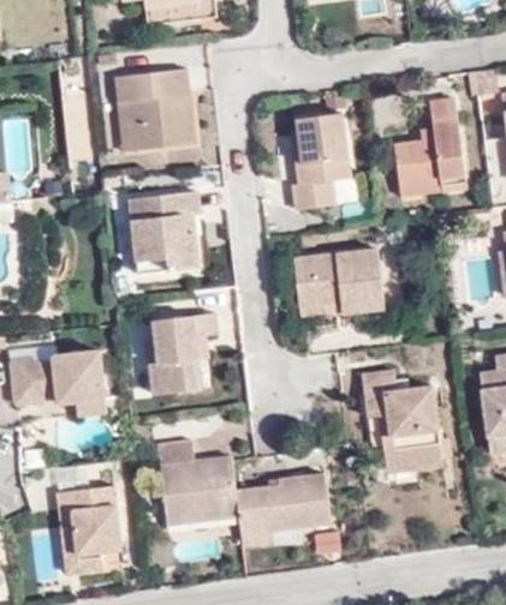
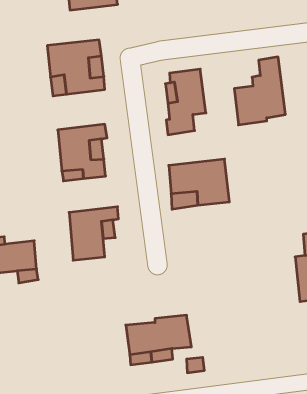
building: [365,372,447,469] -> none
building: [153,439,234,523] -> none
building: [49,496,114,582] -> none

